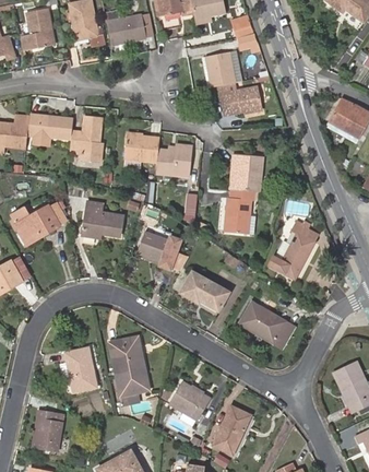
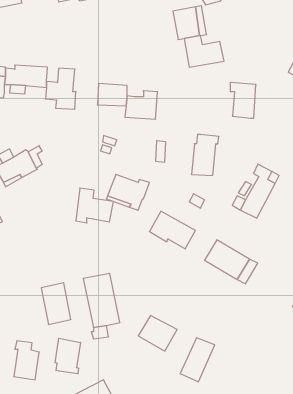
building: [233,152,260,190] -> [230,82,256,118]
building: [83,200,123,237] -> [76,188,113,223]
building: none -> [55,338,81,374]

